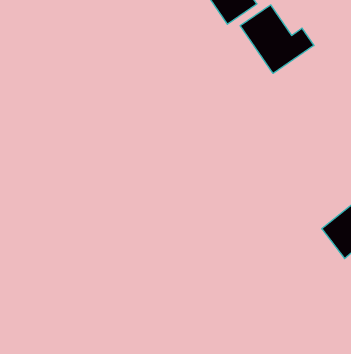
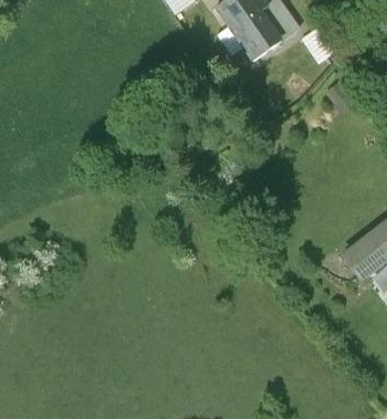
building: [240,5,314,73] -> none

